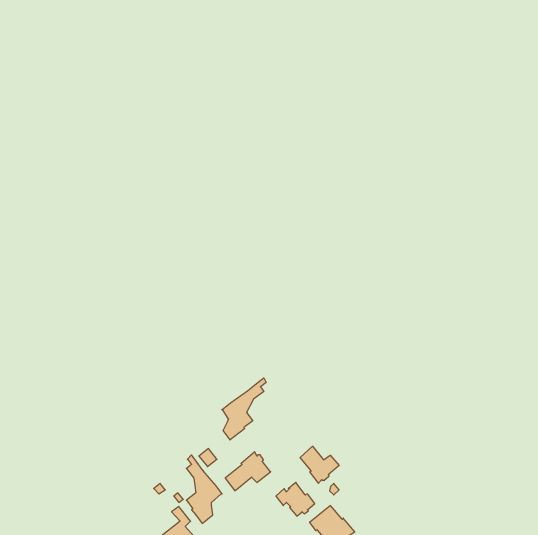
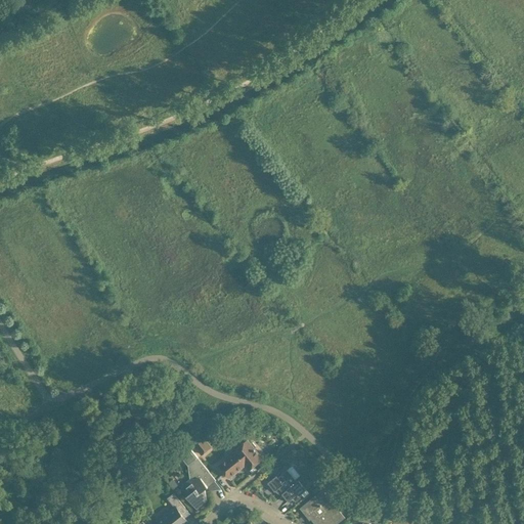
building: [222,378,266,440] -> none
building: [300,446,339,483] -> none

